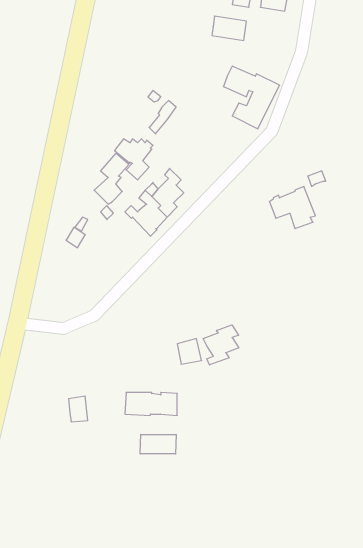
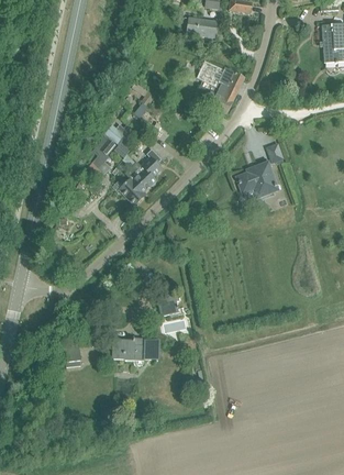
building: [203,325,239,365] -> none
building: [140,434,176,454] -> none

